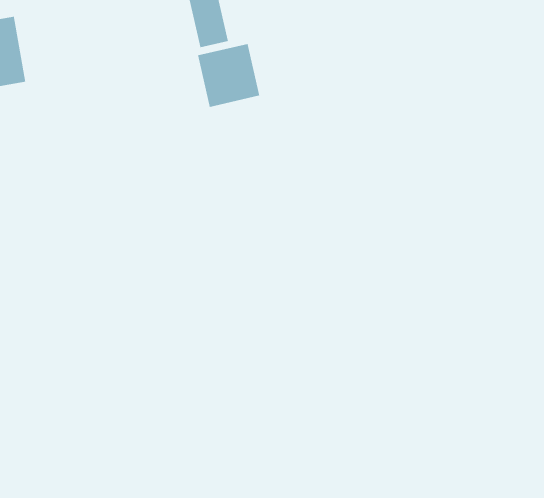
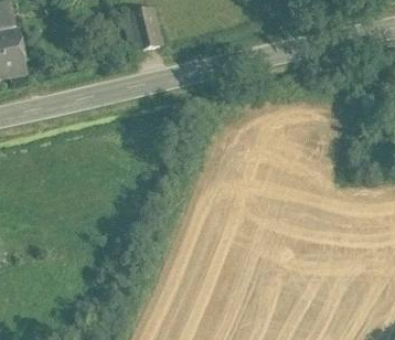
building: [197,43,260,108] -> none

